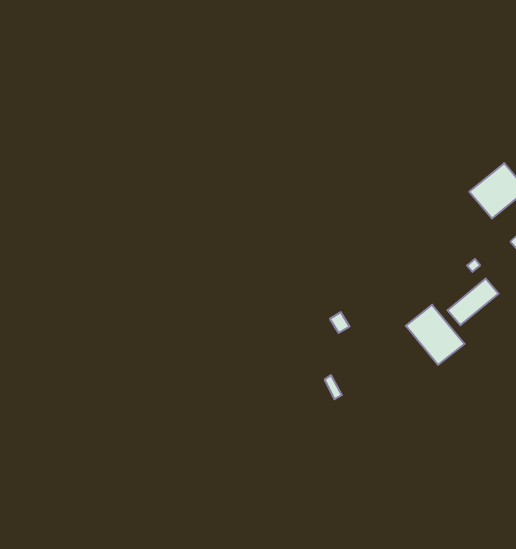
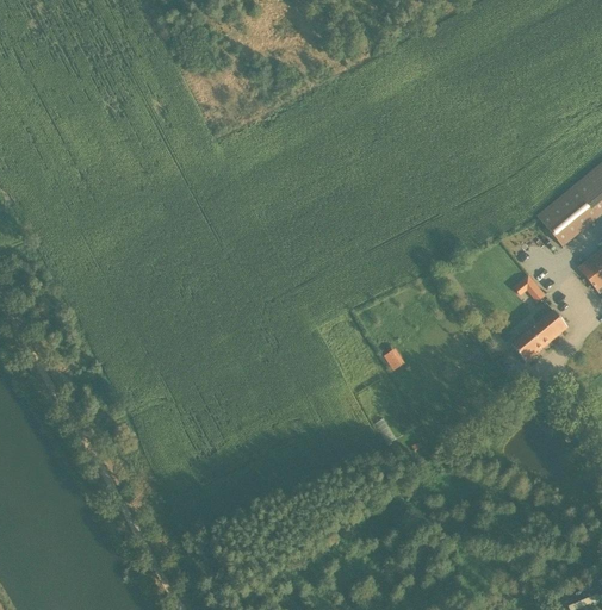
building: [406,305,465,365] -> none

